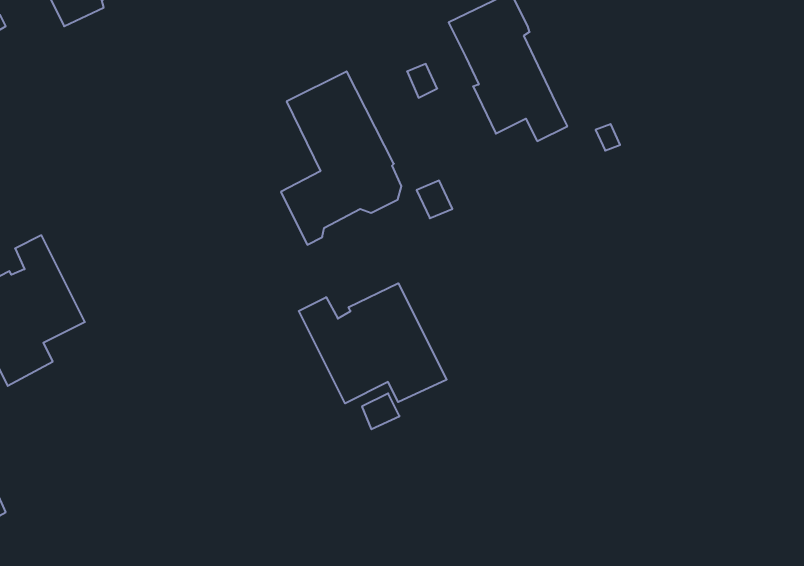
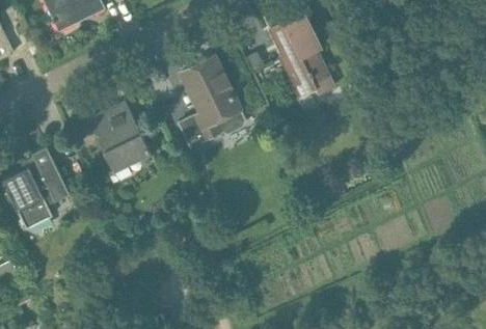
building: none -> [87,100,149,182]
building: [299,283,447,403] -> none

